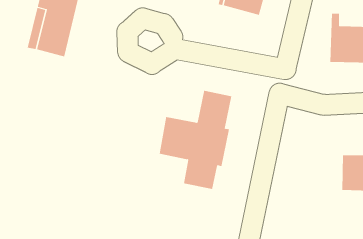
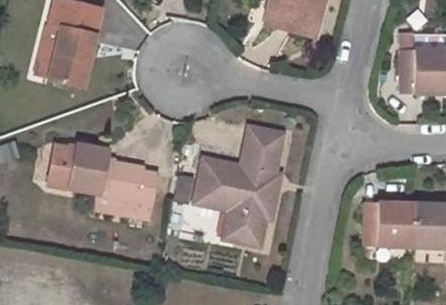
building: none -> [49,143,158,213]
building: none -> [363,202,415,245]

